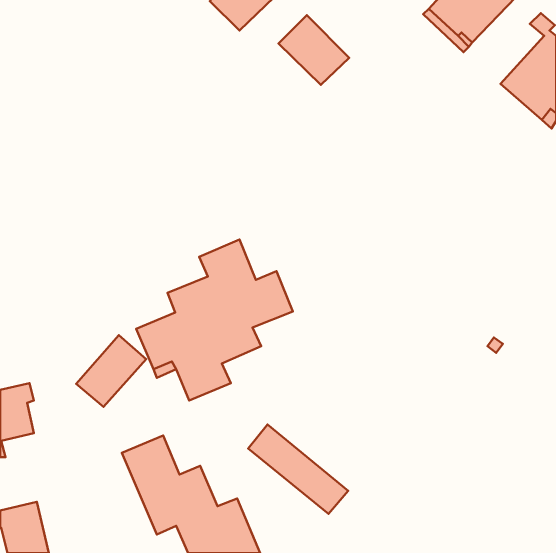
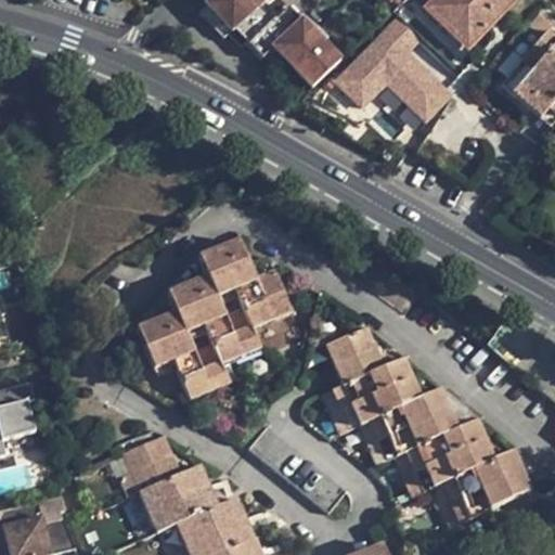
building: none -> [338,18,452,120]
building: none -> [322,326,530,524]
building: [76,335,146,407] -> none

